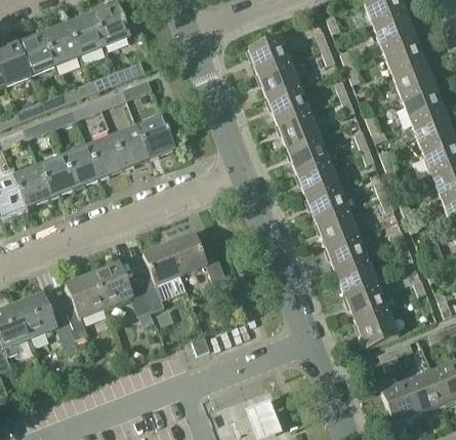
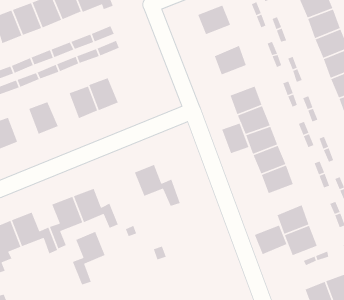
building: [258,61,300,98] -> none
building: [278,111,320,148] -> none
building: [137,115,175,157] -> none
building: [63,145,100,187] -> none
building: [13,164,50,206] -> none
building: none -> [221,123,250,154]
building: [139,243,181,311] -> [72,231,106,286]
building: [336,258,378,296] -> [254,225,288,255]

